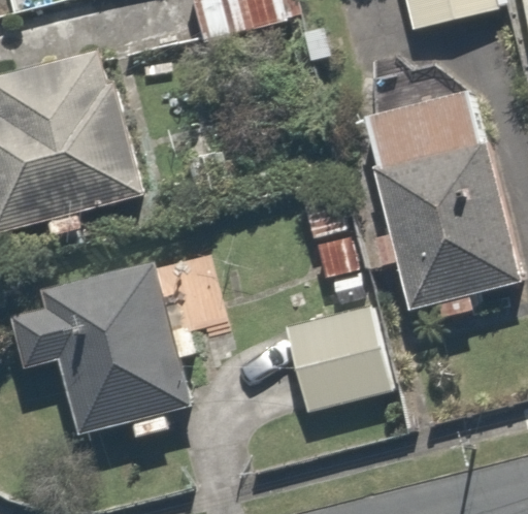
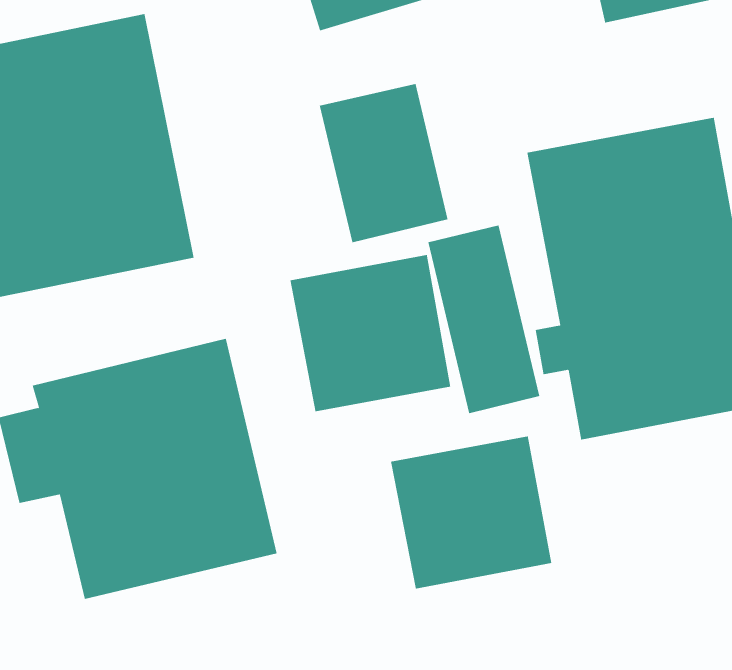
building: none -> [319,83,448,243]
building: none -> [290,254,451,412]

